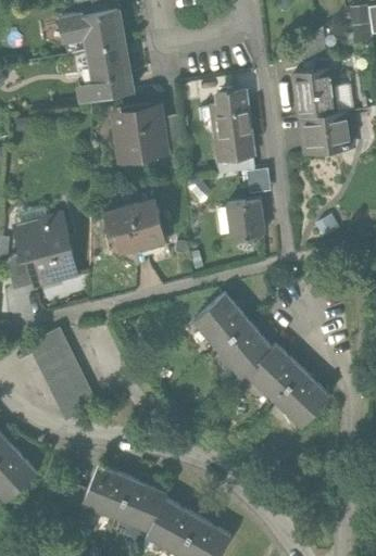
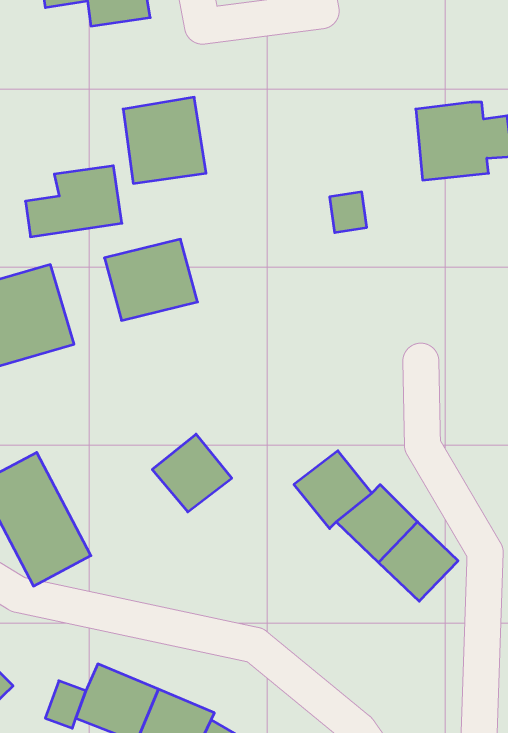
building: [75,54,137,100] -> [25,166,122,237]
building: [294,66,338,113] -> none
building: [201,97,250,165] -> none
building: [221,201,263,240] -> none
building: [201,304,252,354] -> [152,434,232,512]

